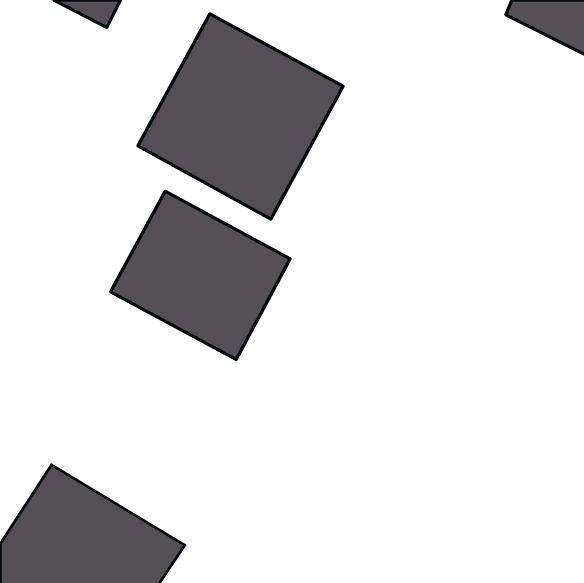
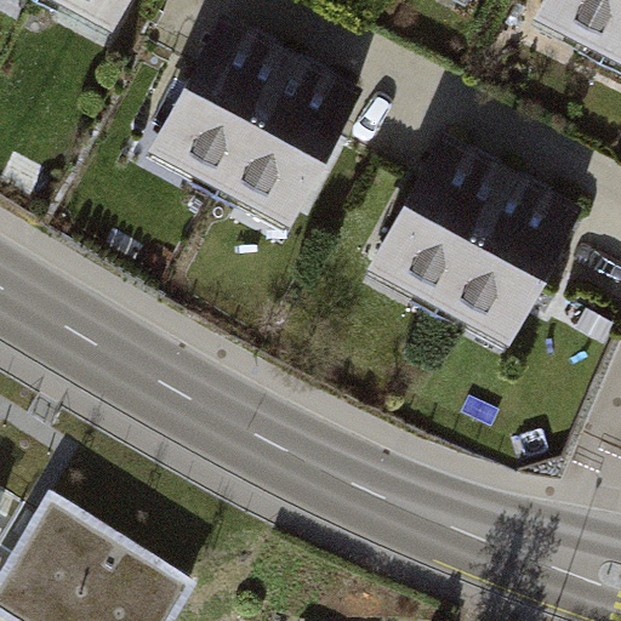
building: none -> [363,137,579,349]
building: [110,191,290,359] -> none

